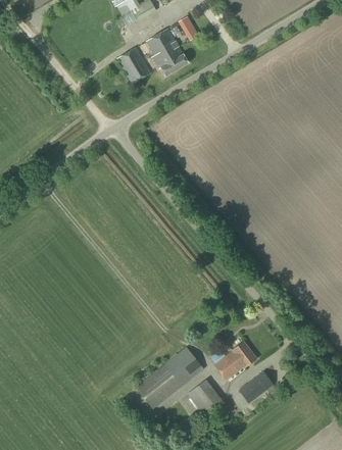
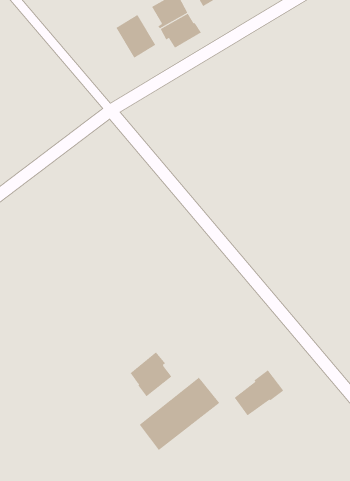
building: none -> [130,352,172,397]
building: [238,370,276,402] -> none
building: [187,379,222,413] -> none

